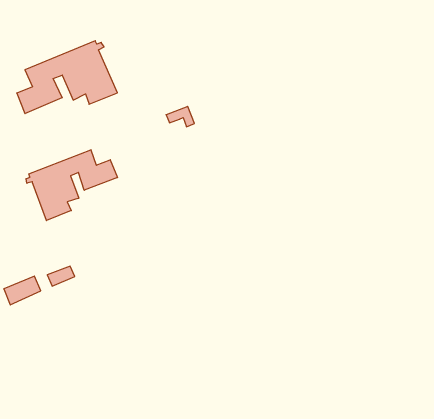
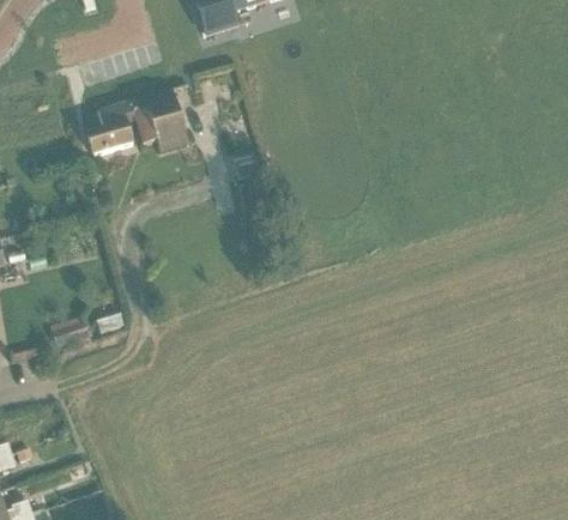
building: [26,150,117,221] -> none

